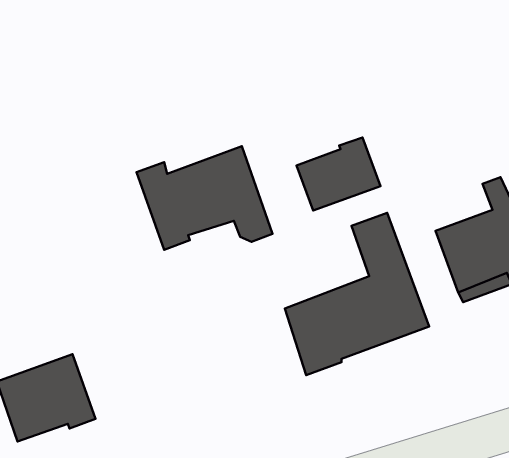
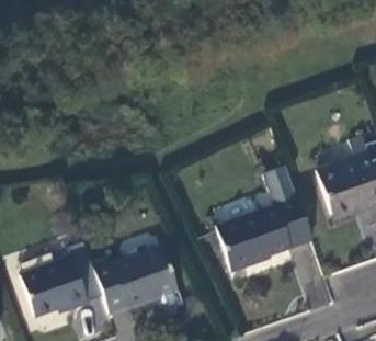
building: [296,137,381,211] -> none
building: [136,146,273,250] -> [90,245,182,315]

